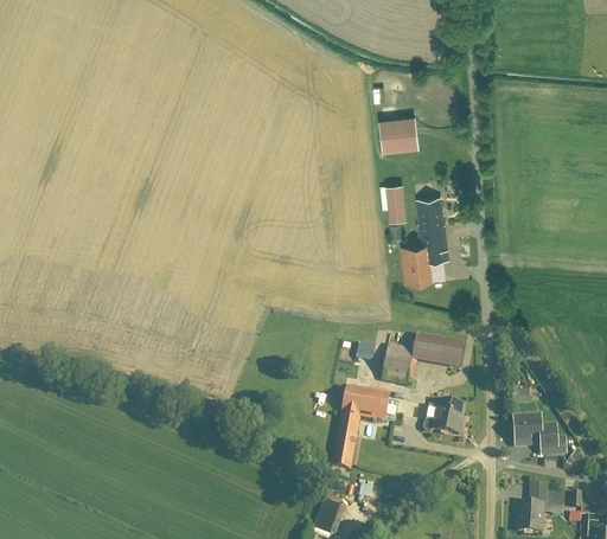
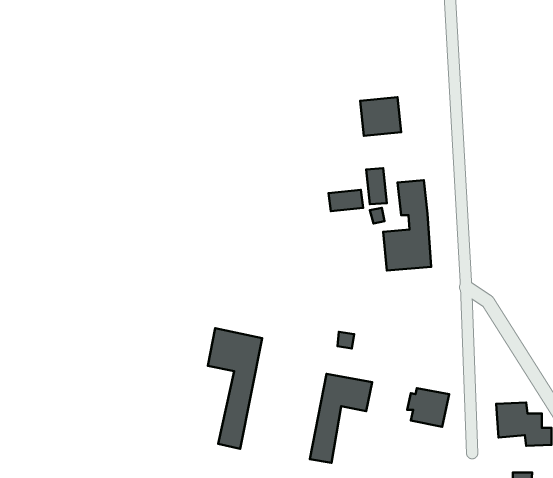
building: none -> [328,190,363,211]
building: [382,332,465,383] -> none
building: none -> [208,328,262,449]

